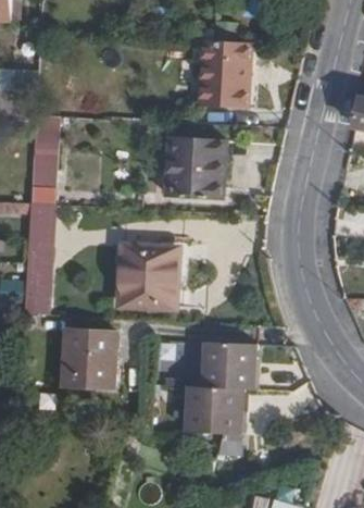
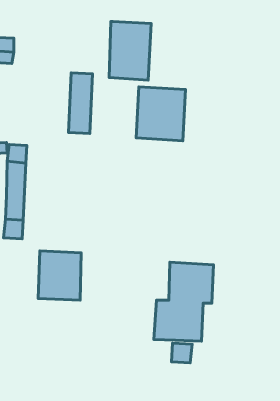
building: [206,40,255,109] -> [109,21,151,80]
building: [29,115,58,186] -> [68,73,93,133]
building: [126,247,185,308] -> none

